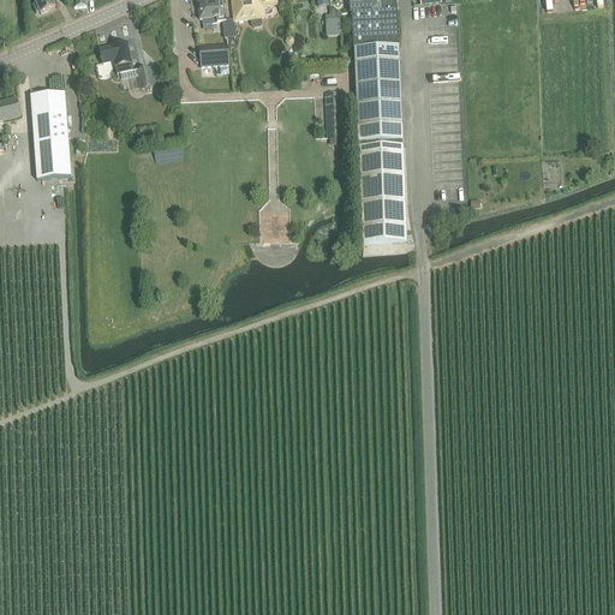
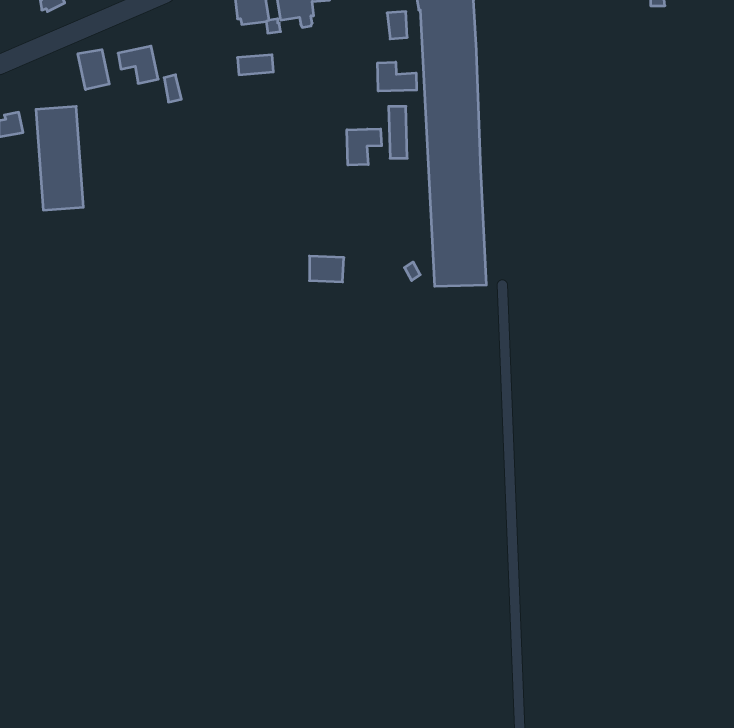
building: none -> [78,50,109,90]
building: none -> [378,62,417,91]
building: none -> [347,129,382,165]

